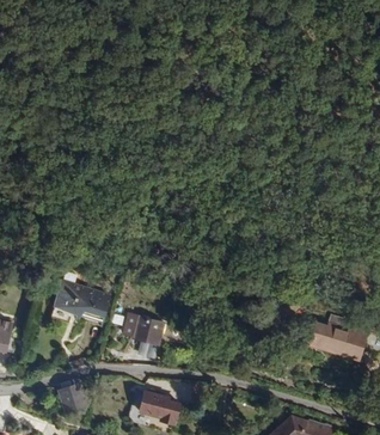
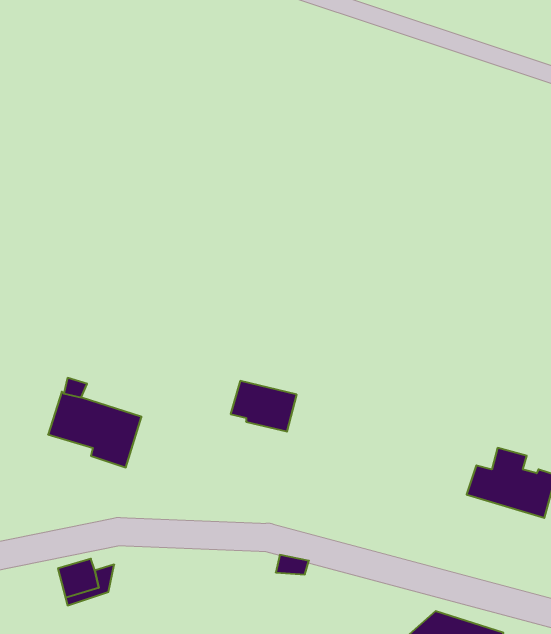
building: [123,313,164,344] -> [231,381,297,432]
building: [140,391,179,422] -> none

